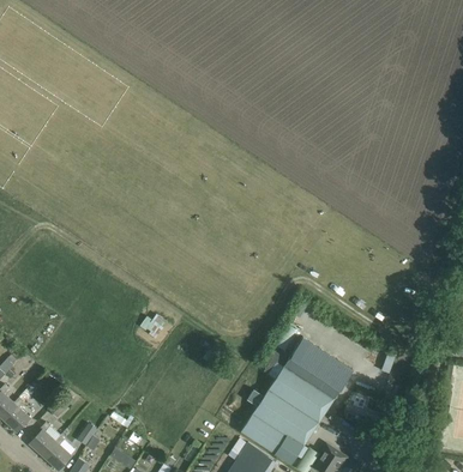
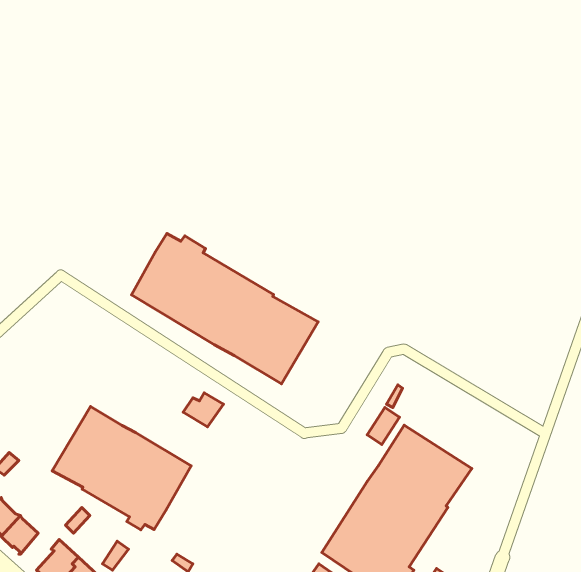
building: none -> [132,233,318,384]
building: none -> [52,406,191,530]

